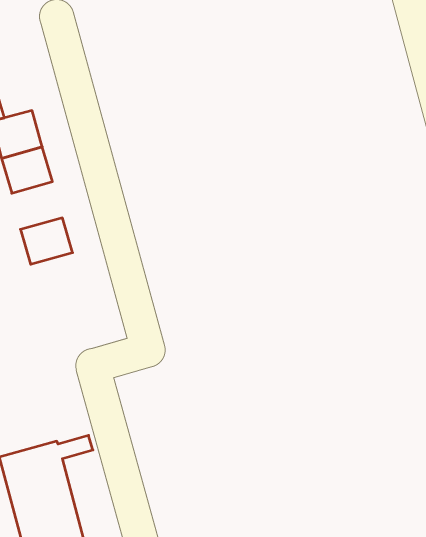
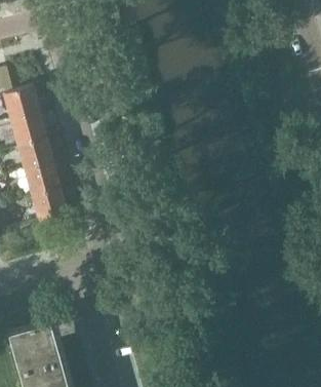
building: none -> [17,132,53,166]
building: none -> [31,183,68,217]

